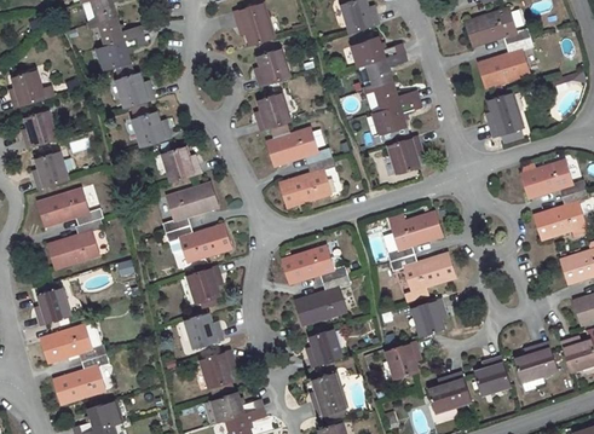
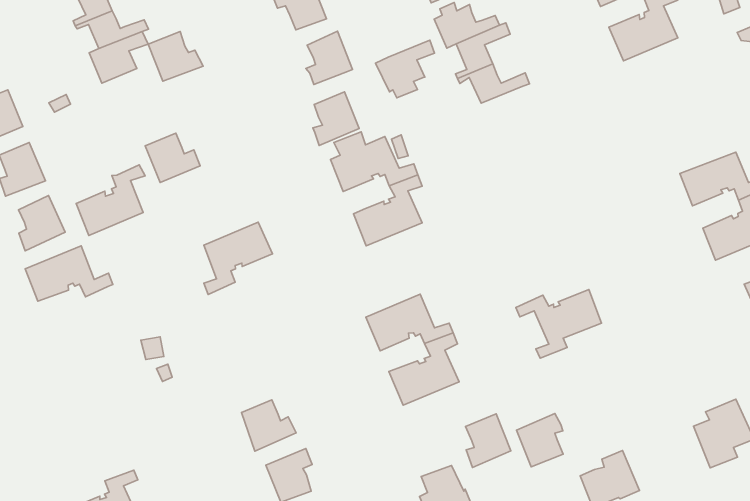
building: [115,74,154,109] -> [148,32,203,81]
building: [488,93,524,144] -> none
building: [370,100,414,140] -> [376,40,434,98]
building: [386,137,421,174] -> none
building: [161,147,200,183] -> none
building: [388,212,442,261] -> none
building: [47,220,99,268] -> [76,165,145,236]
building: [168,225,231,261] -> none
building: [186,267,220,303] -> none
building: [35,284,70,325] -> none
building: [410,299,445,336] -> none
building: [41,325,103,361] -> none
building: [308,329,341,366] -> [466,414,511,467]
building: [474,355,511,395] -> none

